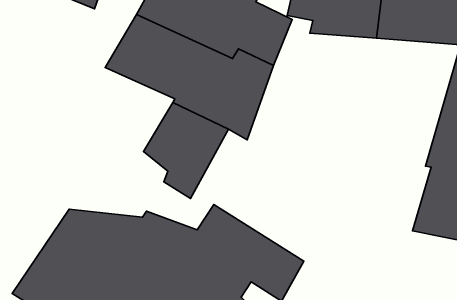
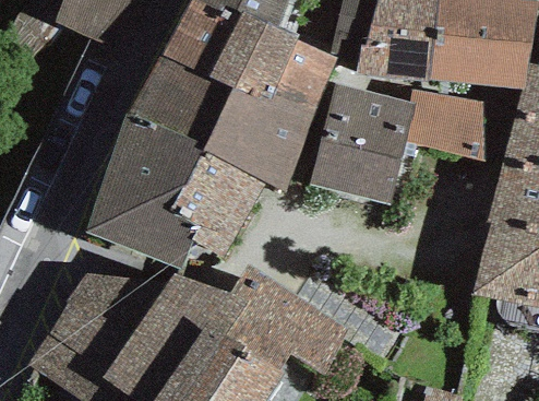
building: none -> [311,83,486,204]
building: none -> [84,114,205,271]

